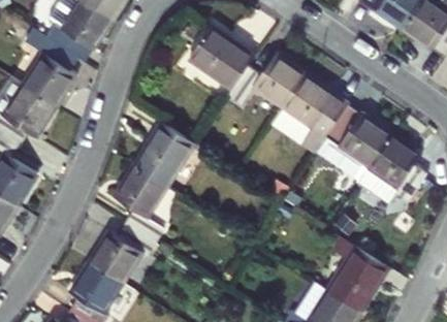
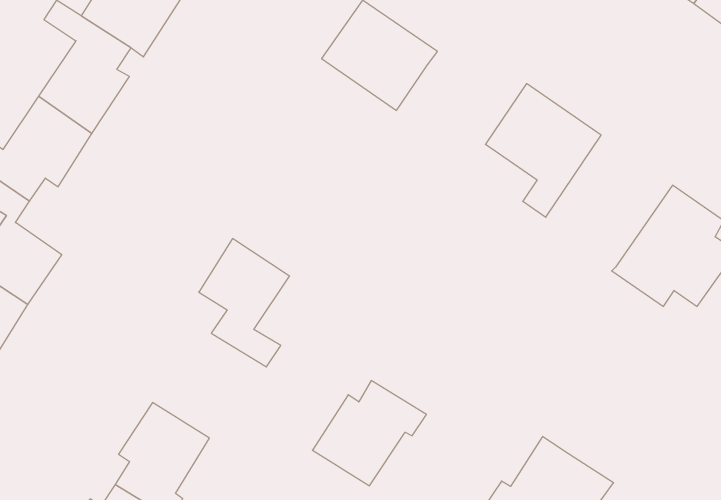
building: [228,56,307,112] -> none
building: [318,107,391,184] -> none
building: [136,125,196,189] -> none
building: [90,222,156,283] -> [312,381,426,486]
building: [328,236,386,309] -> none

